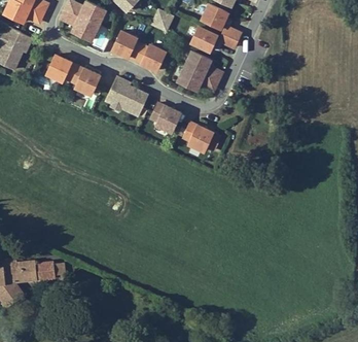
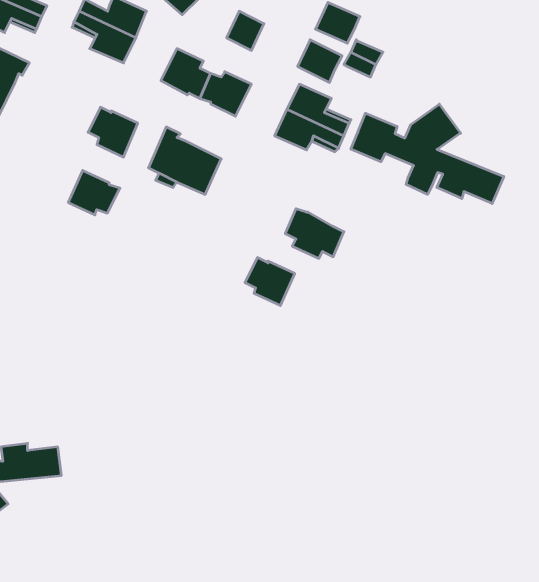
building: [47,55,77,80] -> [68,170,120,215]
building: none -> [351,104,504,204]
building: [151,104,180,132] -> [245,258,295,306]

